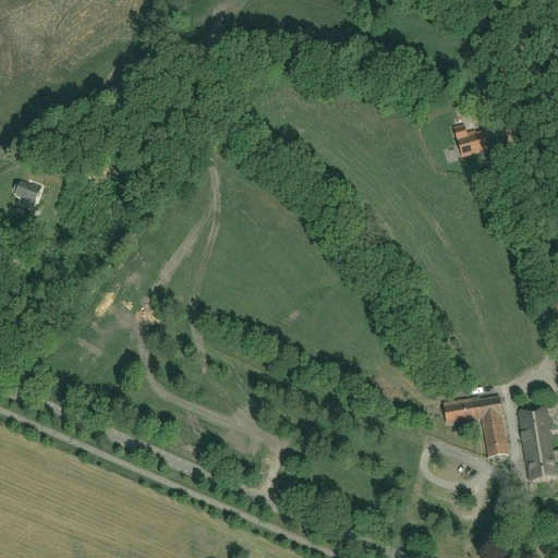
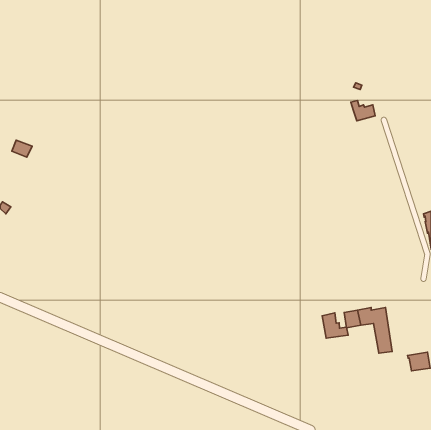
building: none -> [322,313,348,338]
building: [519,408,553,459] -> none

